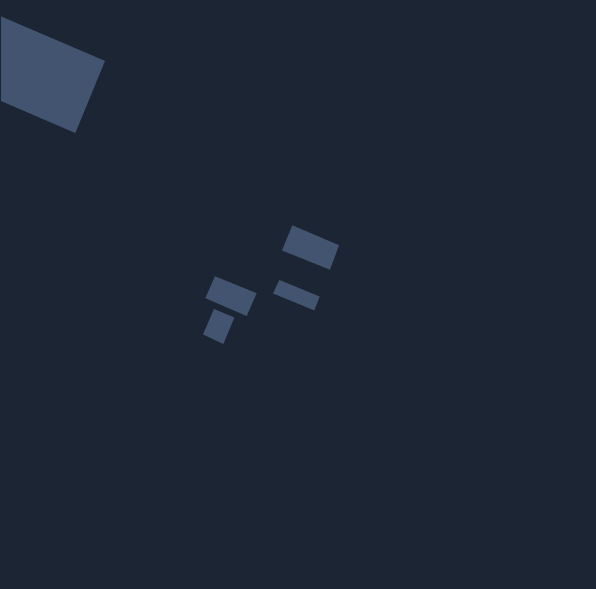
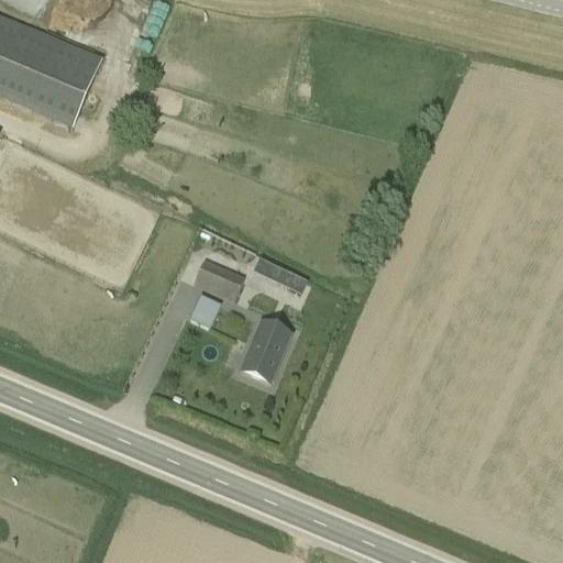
building: [281,224,340,271] -> none
building: none -> [239,320,290,382]

